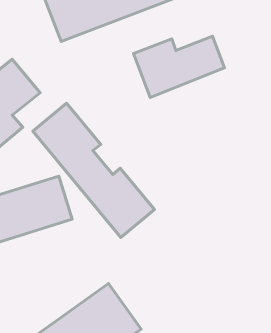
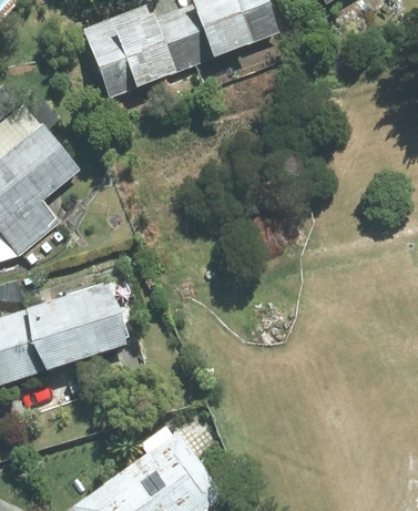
building: [133,36,225,97] -> none
building: [33,103,154,237] -> none

